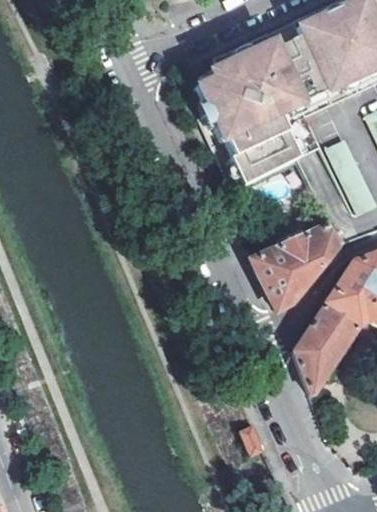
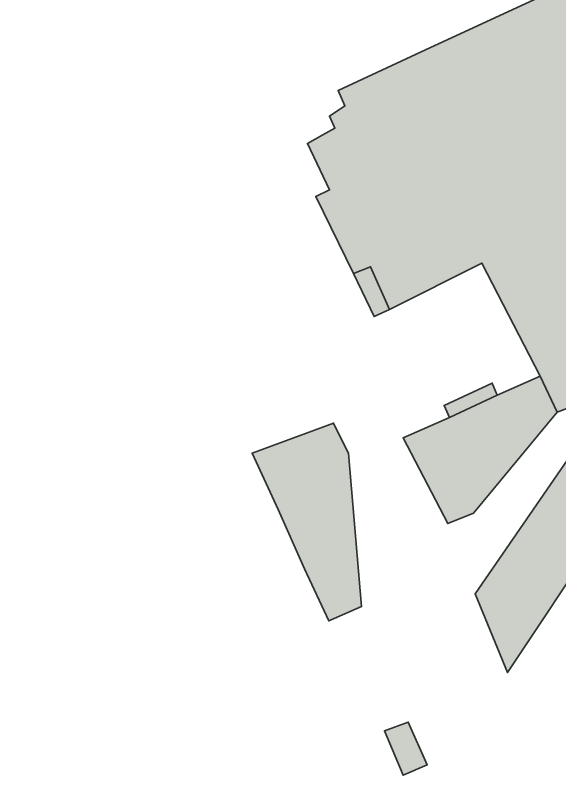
building: none -> [252,423,362,621]

